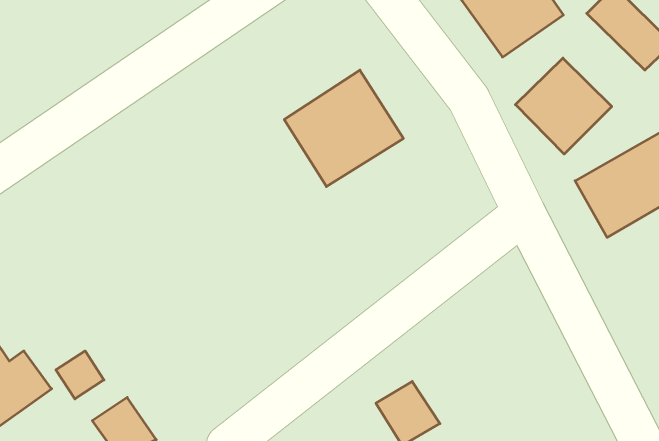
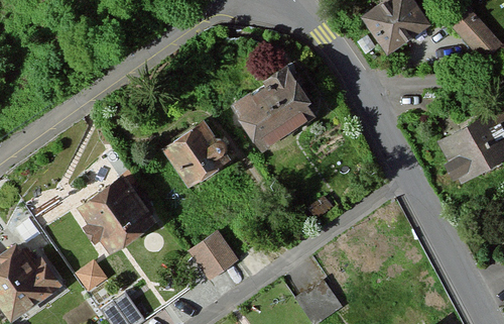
building: [515,58,612,154] -> none
building: none -> [166,117,234,186]
building: none -> [80,168,159,248]
building: none -> [188,228,240,280]

